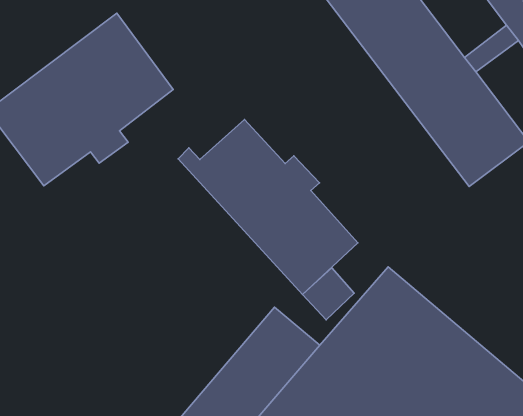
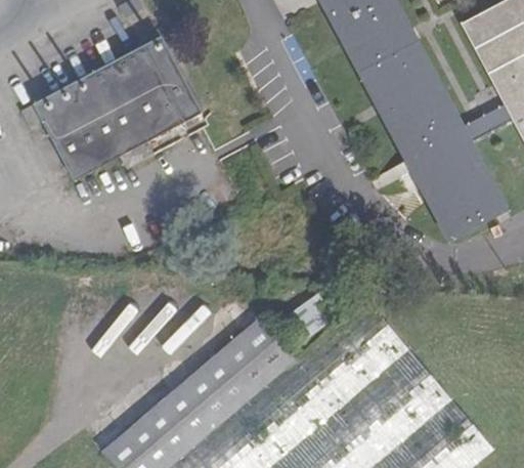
building: [178,119,358,295] -> none

